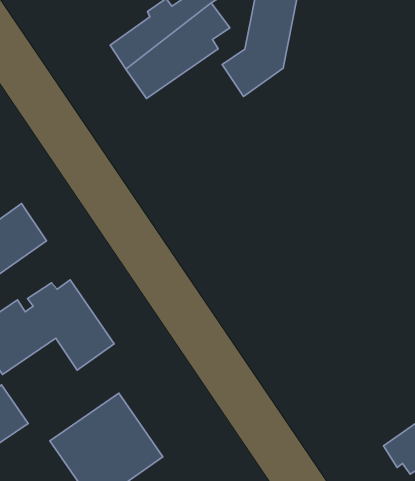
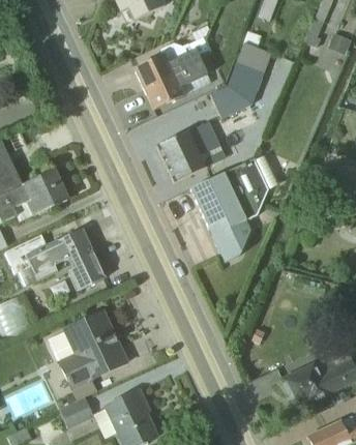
building: none -> [158,121,227,181]
building: none -> [191,153,277,260]

